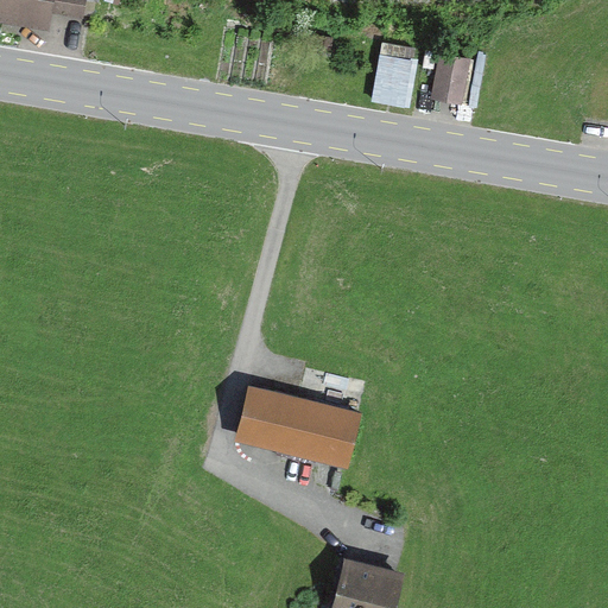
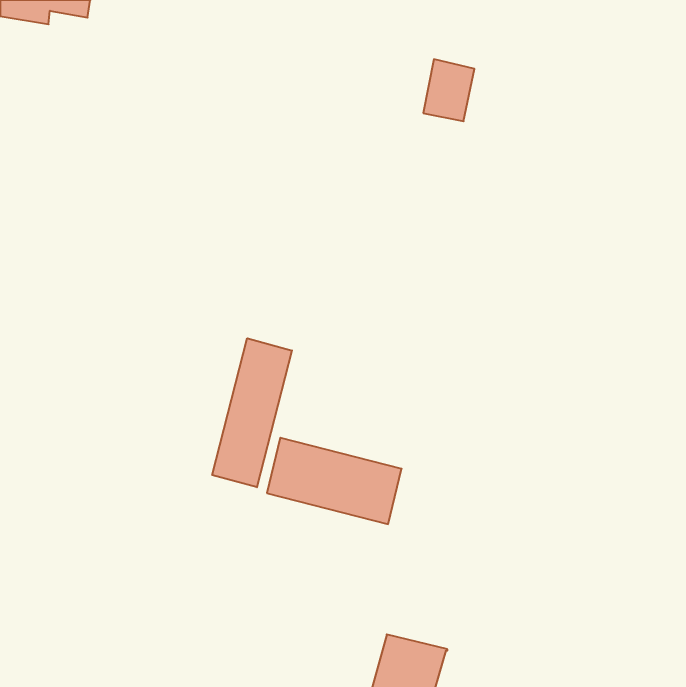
building: [432,55,470,103] -> none
building: none -> [212,338,292,487]

